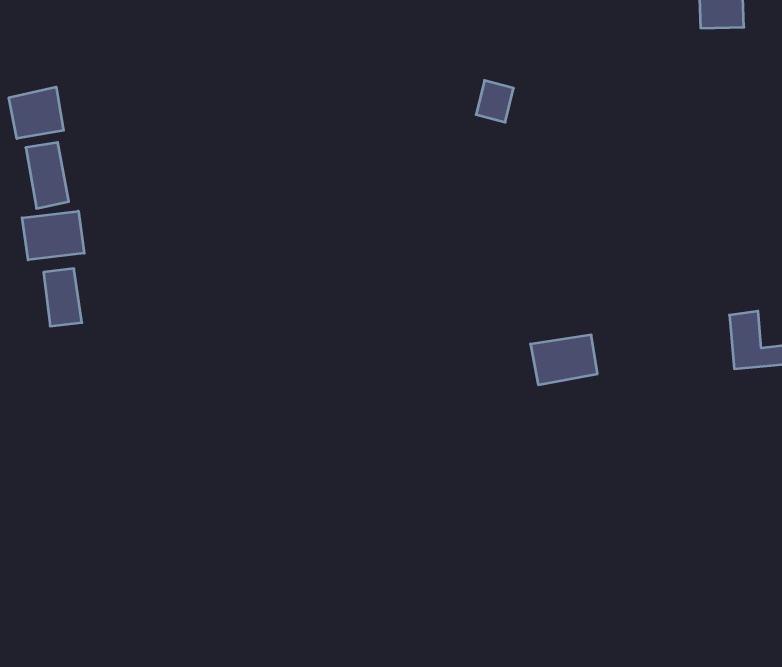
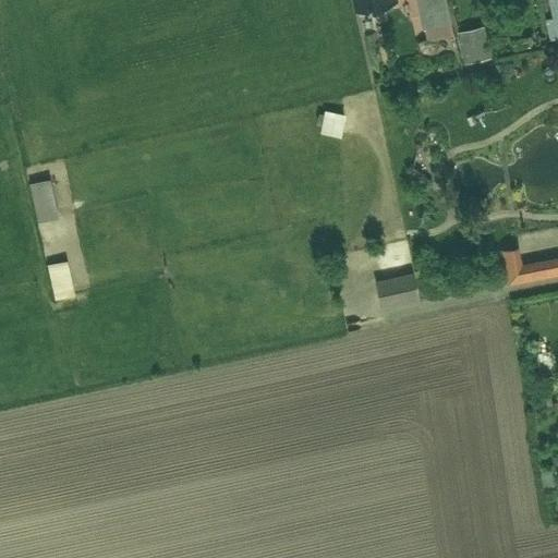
building: [9,87,64,139] -> none
building: [22,211,84,260] -> none

